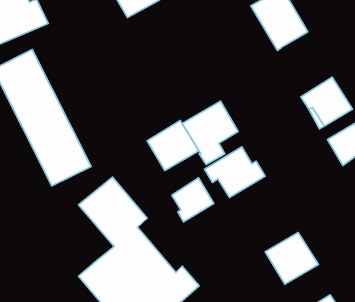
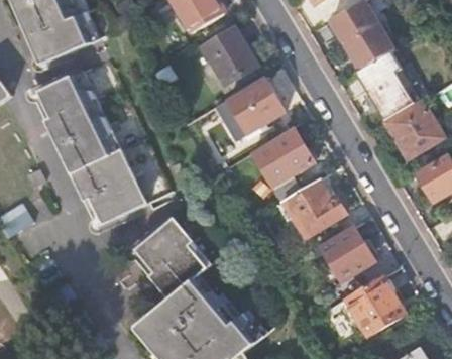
building: none -> [200,25,257,85]
building: none -> [354,51,408,104]
building: [147,120,199,170] -> [226,77,285,133]
building: [172,178,214,222] -> none
building: none -> [319,227,373,281]

